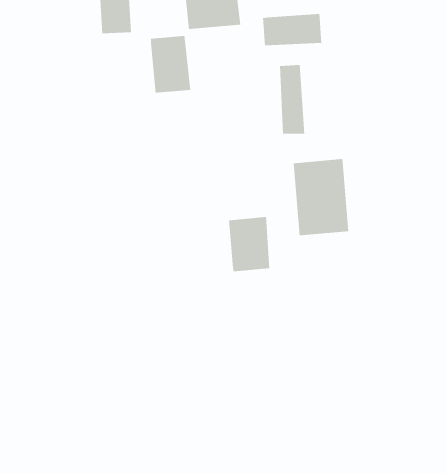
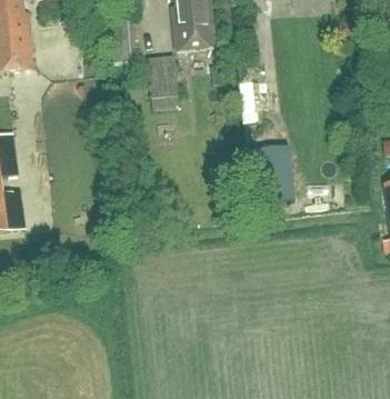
building: [262,13,322,46] -> none
building: [229,216,270,272] -> none

